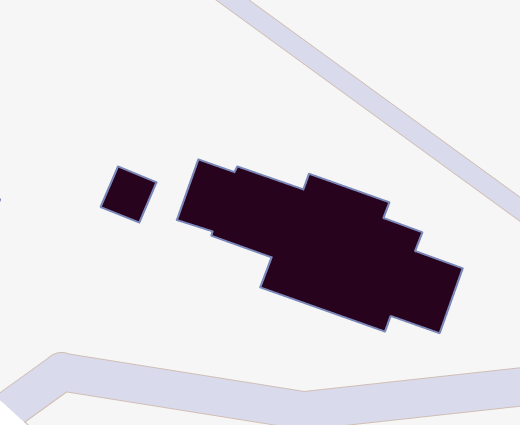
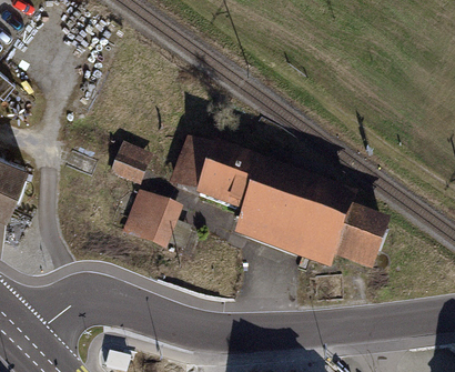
building: none -> [121,188,190,248]

